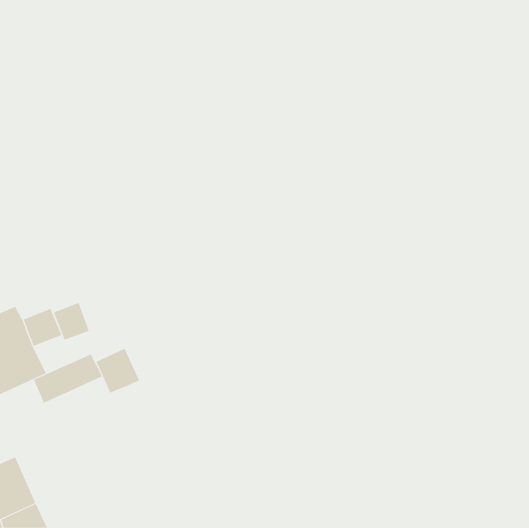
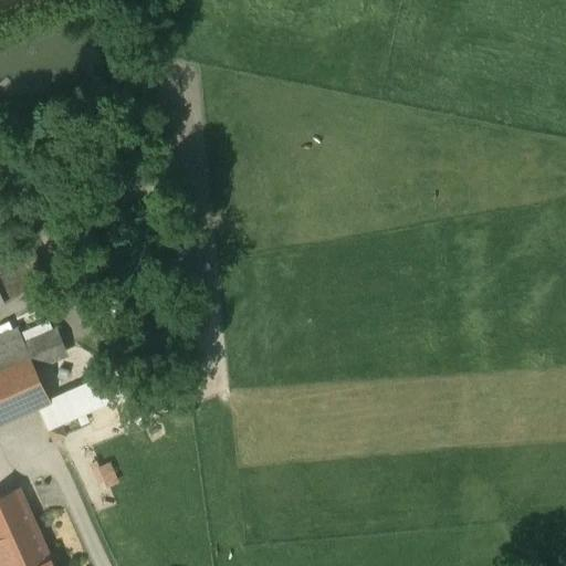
building: [53,302,90,341] -> none
building: [96,348,140,394] -> none

